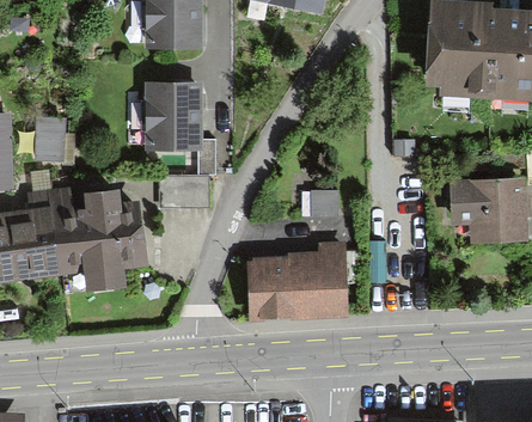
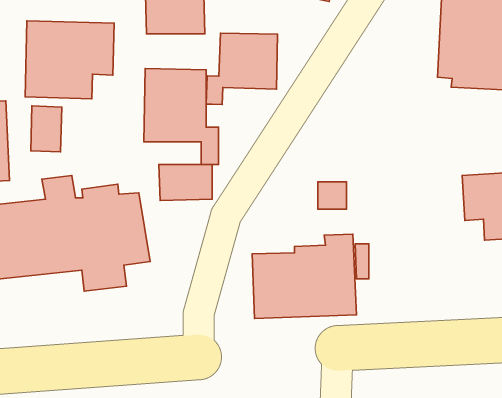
building: none -> [25,21,114,99]
building: none -> [206,33,277,105]

